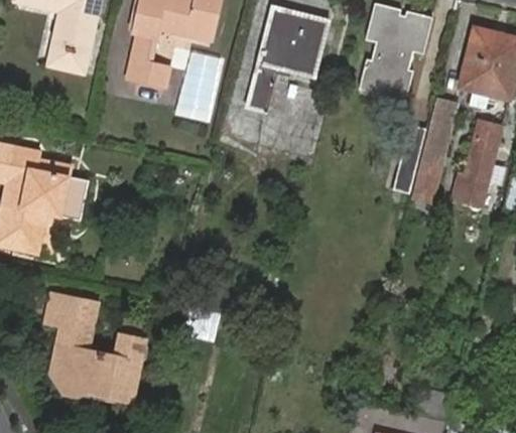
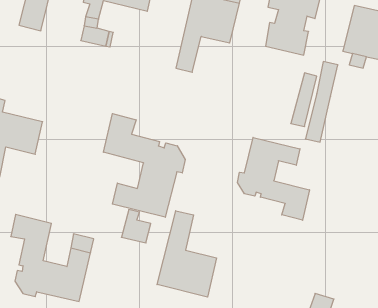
building: [172,52,218,124] -> none
building: [450,123,497,206] -> none
building: none -> [103,114,185,217]
building: none -> [237,137,309,220]
building: none -> [157,211,216,297]

